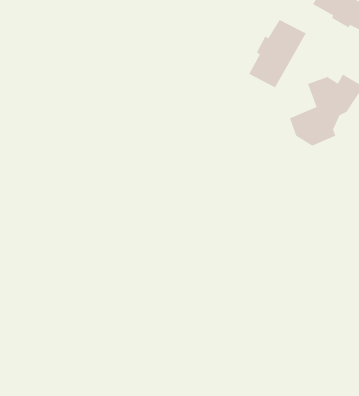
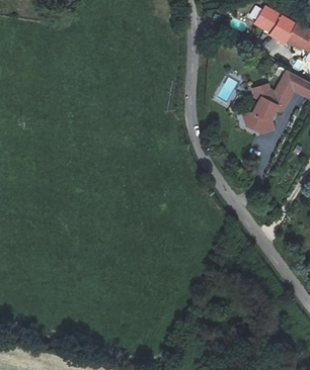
building: [249,19,306,88] -> none

